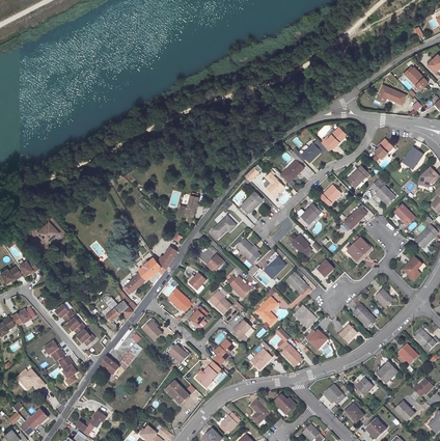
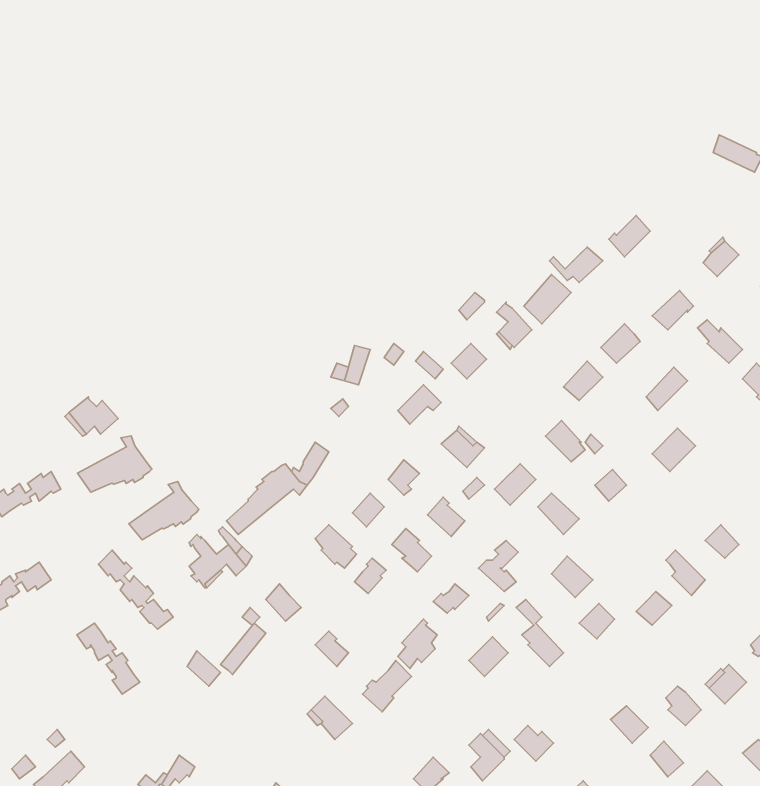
building: none -> [78,436,152,492]
building: none -> [129,481,199,540]
building: [13,367,45,391] -> none

